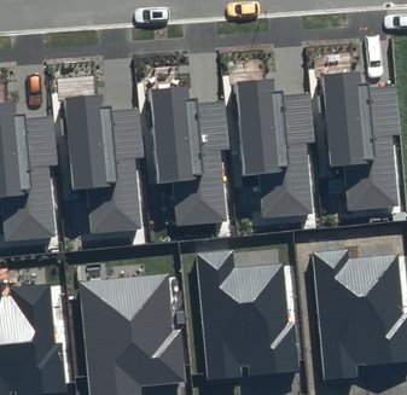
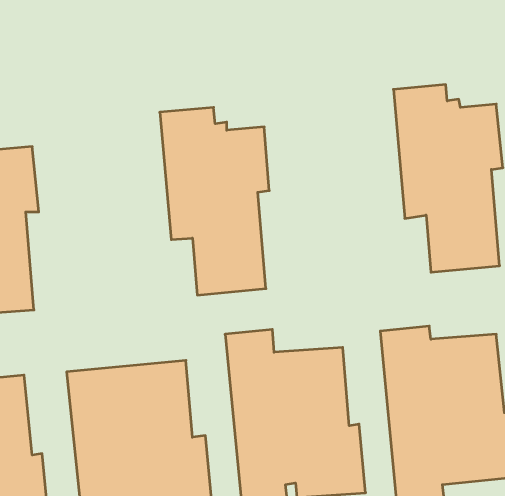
building: [234,80,315,219] -> none
building: [63,94,144,233] -> none

